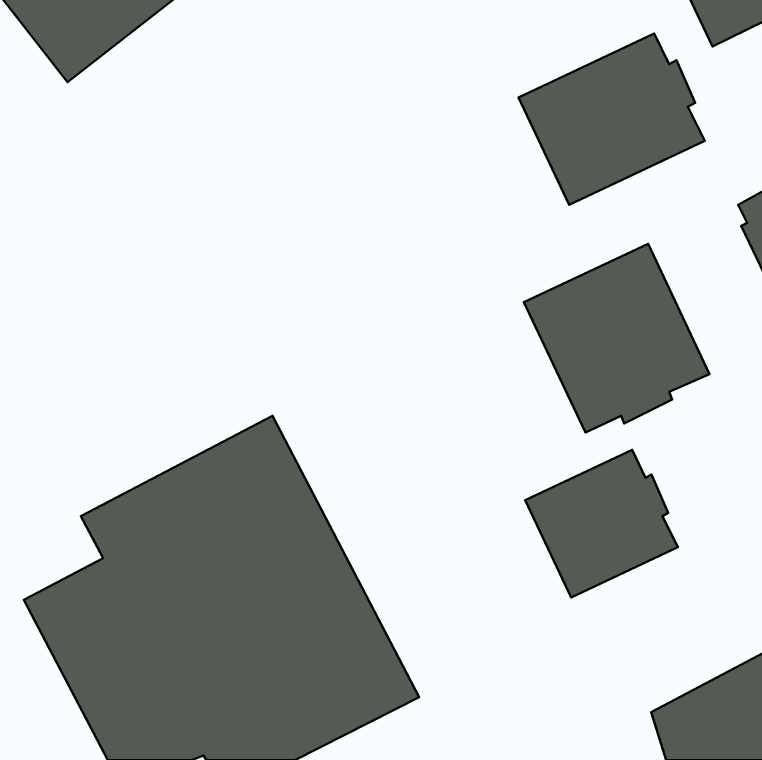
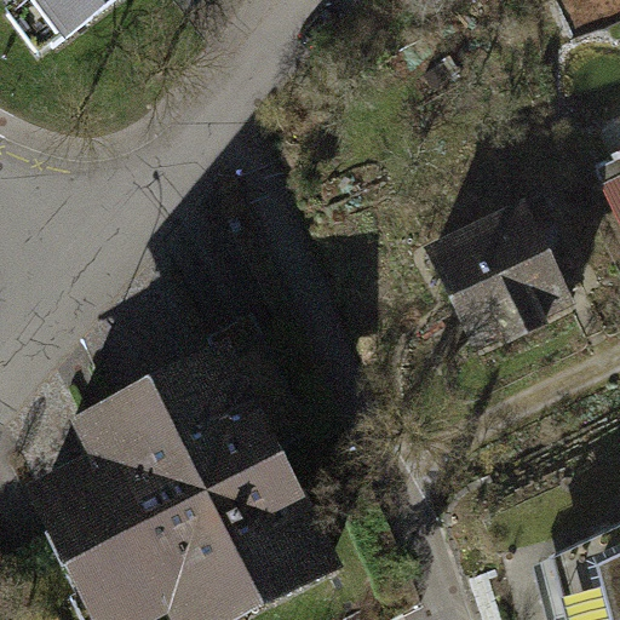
building: [518,34,705,205] -> none
building: [525,450,678,597] -> none

